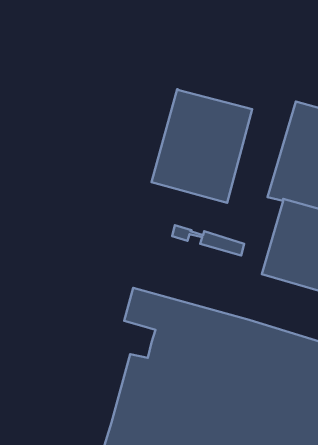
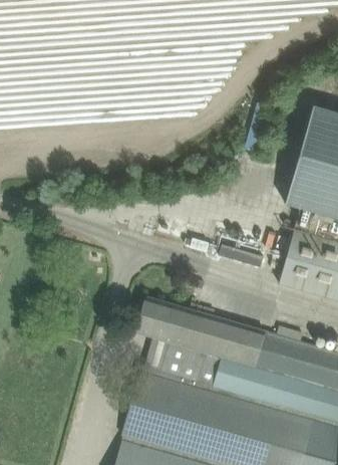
building: [151,89,252,203] -> none

